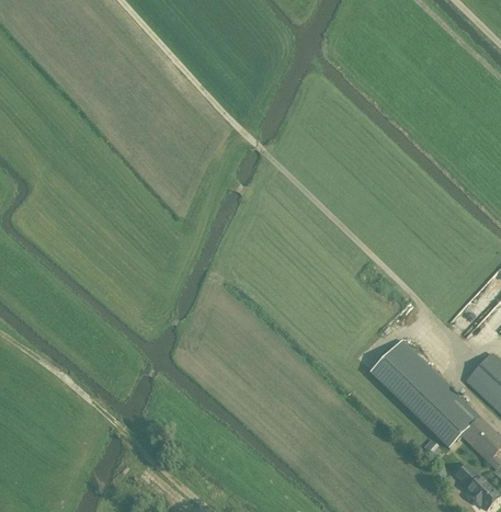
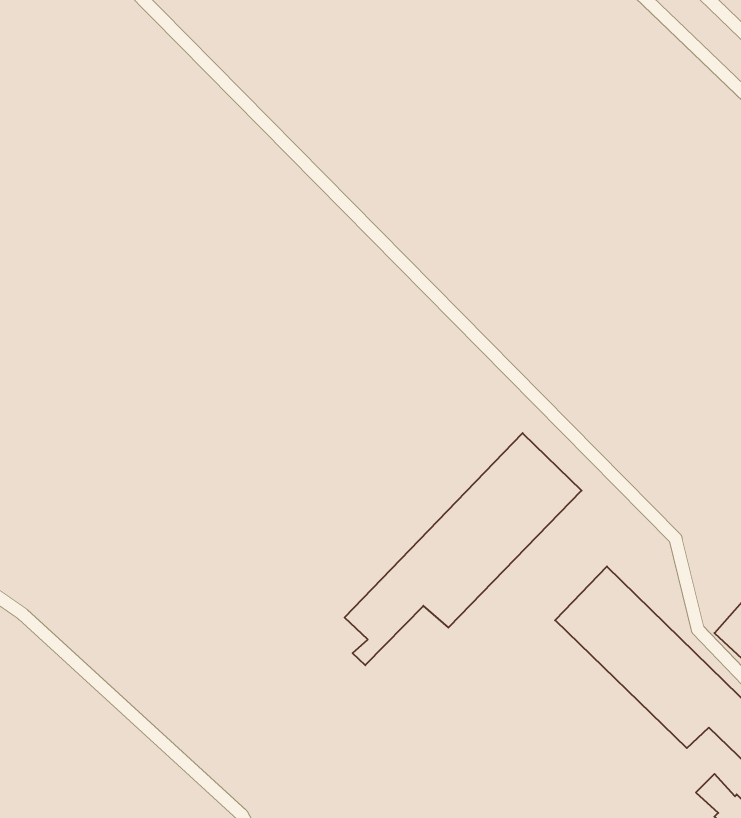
building: none -> [345,433,582,665]

